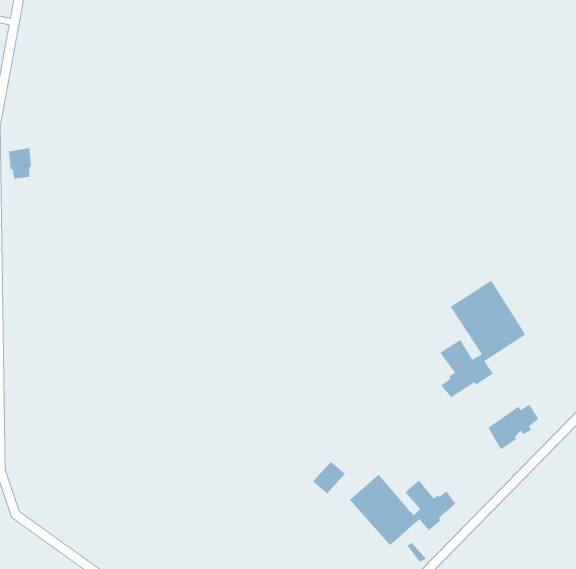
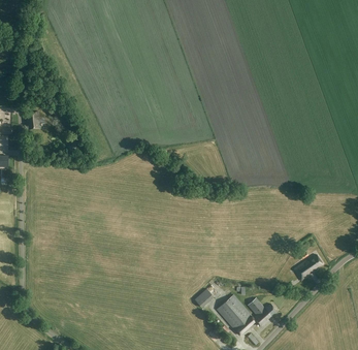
building: [439,280,526,398] -> none

